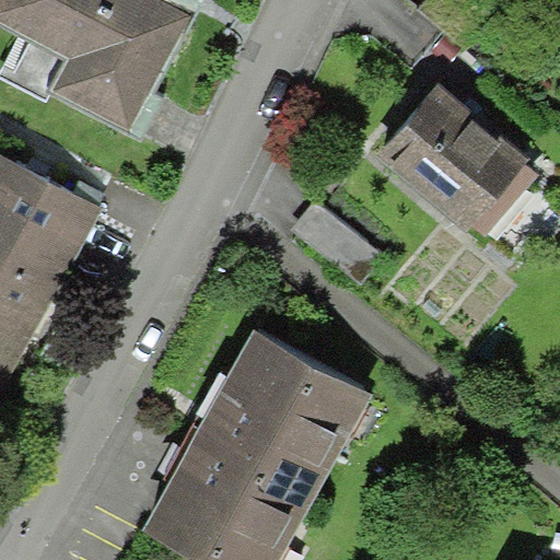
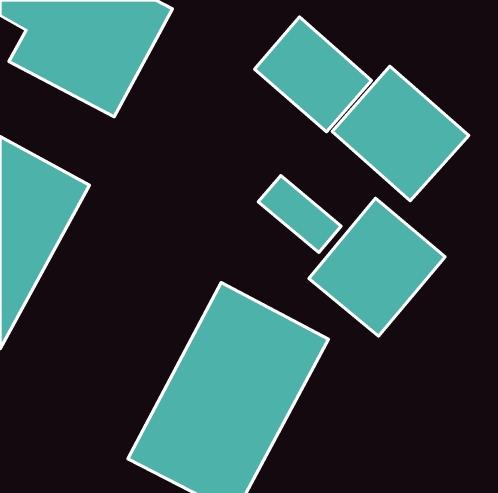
building: none -> [255,17,372,132]
building: none -> [309,198,445,336]

